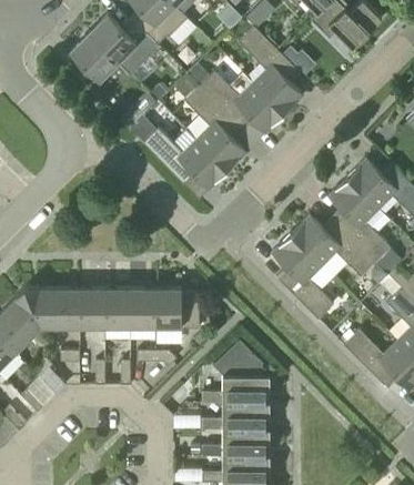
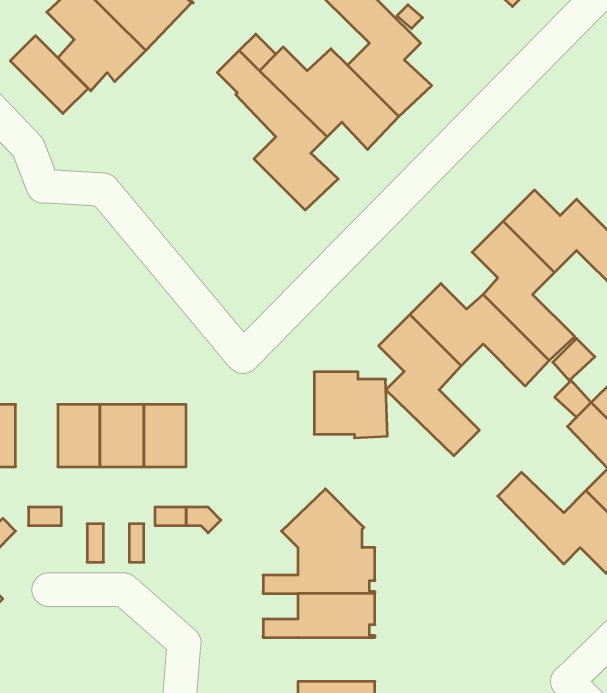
building: none -> [10,36,88,114]
building: [143,128,228,190] -> none
building: [52,289,78,326] -> none
building: [155,289,200,329] -> [314,372,387,438]
building: [202,430,270,456] -> none

